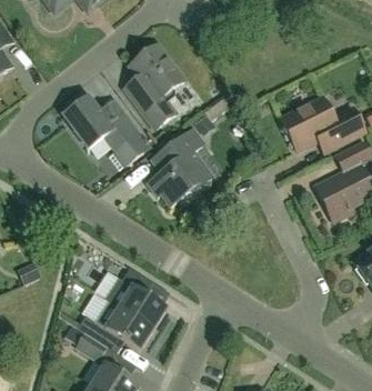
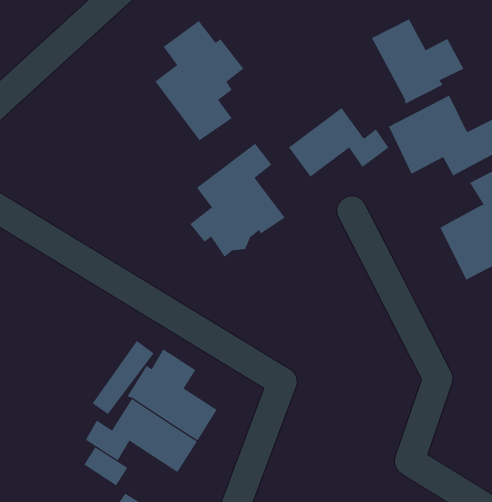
building: none -> [371,18,464,105]
building: [64,98,153,169] -> none
building: none -> [288,107,389,178]

